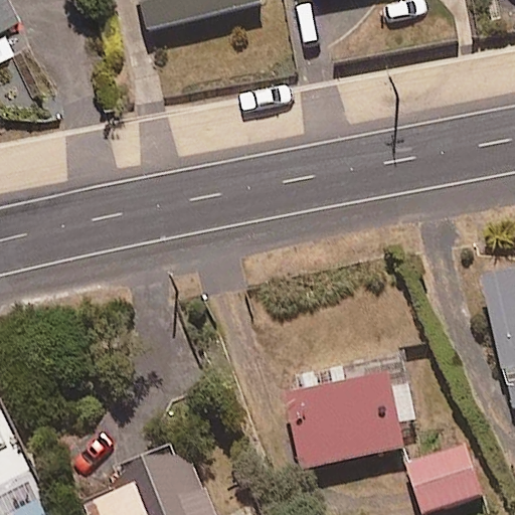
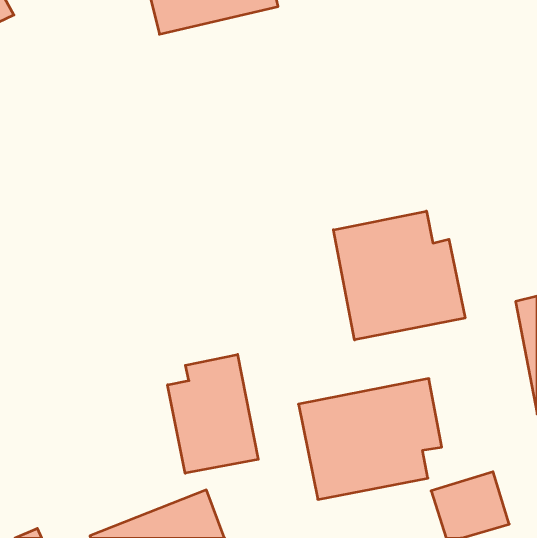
building: none -> [333,211,465,340]
building: none -> [168,354,258,473]

